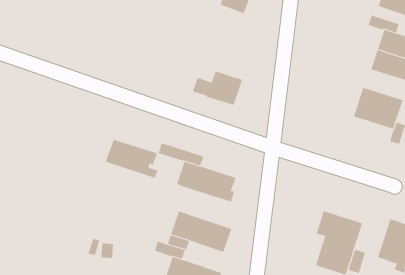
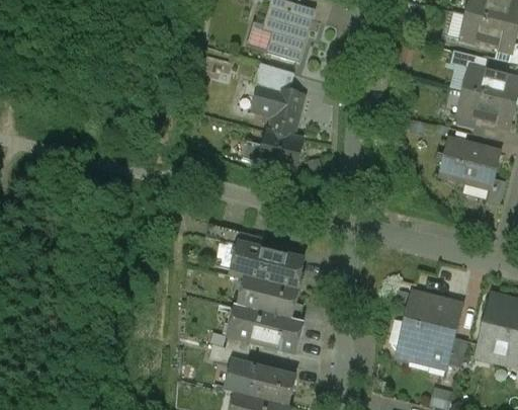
building: none -> [253,63,304,138]
building: [105,139,158,179] -> [236,277,301,322]
building: none -> [391,320,416,352]

